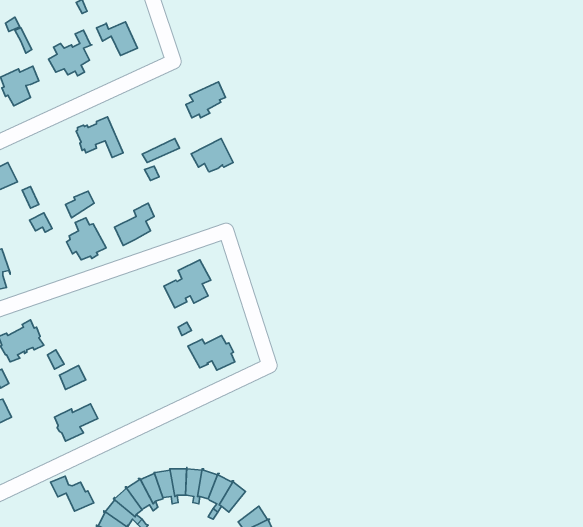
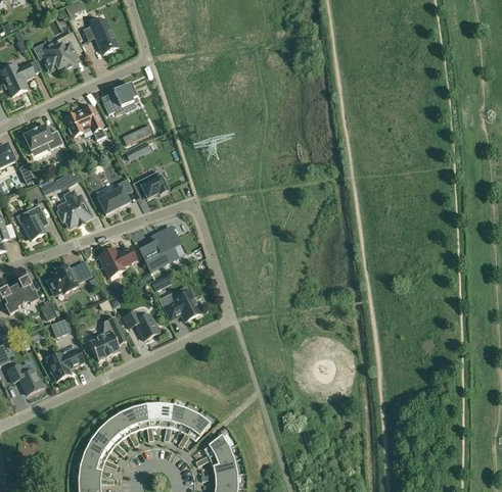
building: [186,82,226,118] -> [103,83,137,113]
building: [191,138,233,172] -> [132,169,168,198]
building: none -> [21,124,62,149]
building: none -> [21,204,48,239]
building: none -> [98,246,136,276]
building: none -> [48,263,84,293]
building: none -> [124,309,158,339]
building: none -> [89,315,126,360]
building: [51,476,94,511] -> [7,363,44,393]

